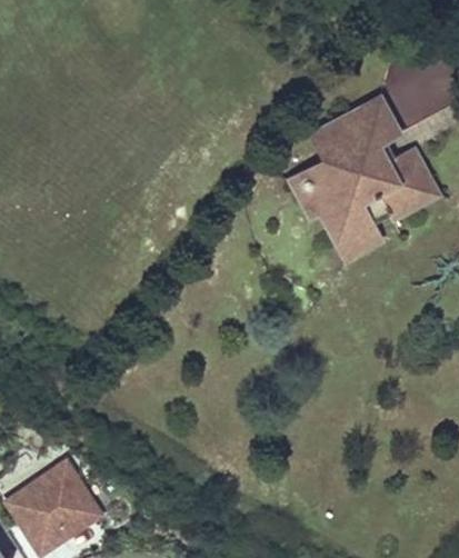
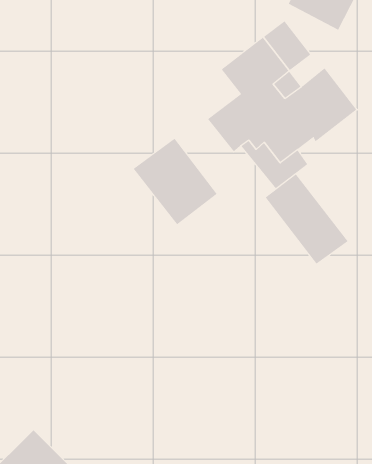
building: none -> [133,138,218,225]
building: none -> [265,174,349,264]

